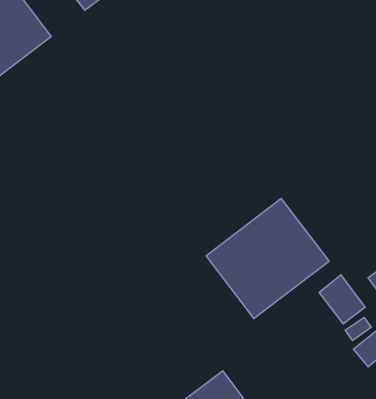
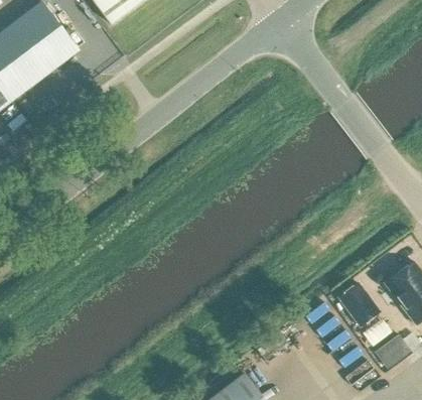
building: [206,199,329,318] -> none

